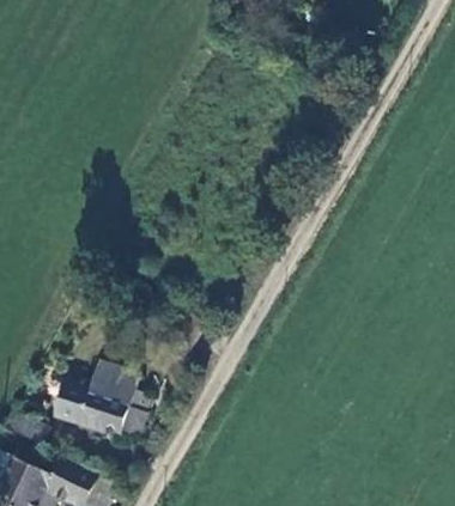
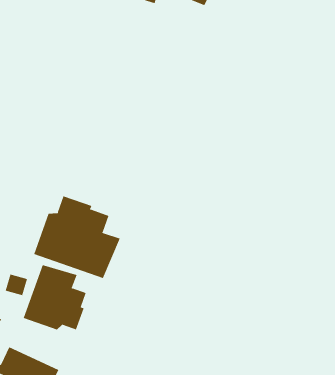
building: none -> [33,195,120,279]

